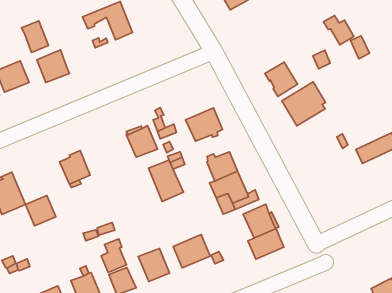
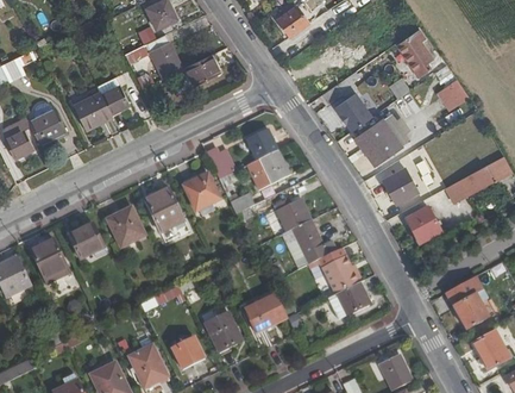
building: none -> [181,52,224,87]
building: [22,21,49,53] -> [96,79,128,116]
building: none -> [434,76,467,110]
building: none -> [247,129,278,160]
building: none -> [382,166,417,202]
building: [149,160,184,201] -> [144,189,186,237]
building: none -> [403,205,440,242]
building: [25,195,56,226] -> [69,223,105,258]
building: none -> [442,275,486,329]
building: [101,239,127,272] -> none

